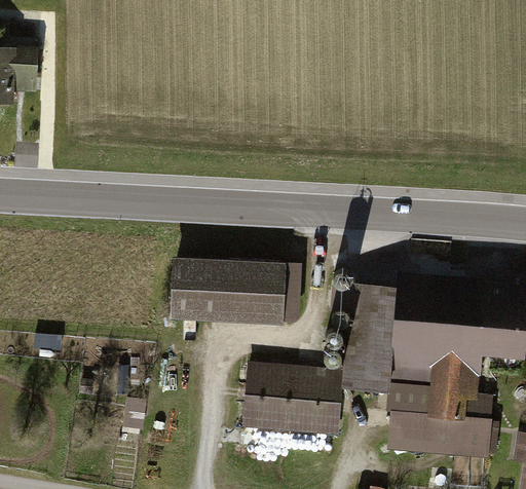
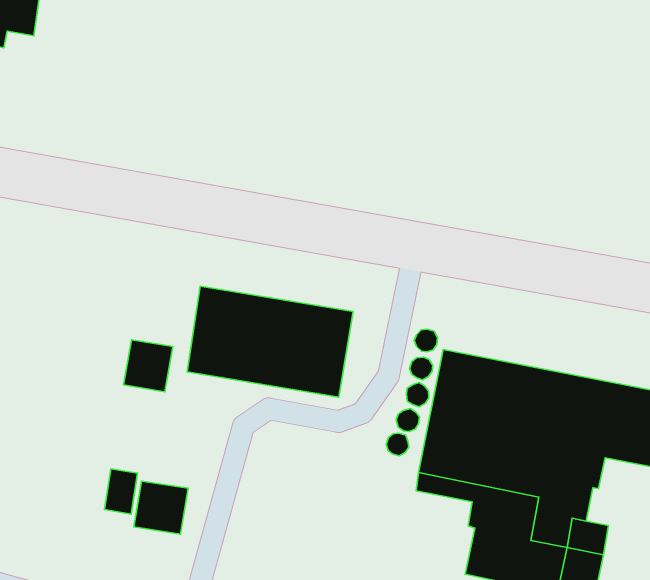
building: none -> [123,340,173,392]
building: [245,365,338,429] -> none
building: none -> [134,481,188,534]

